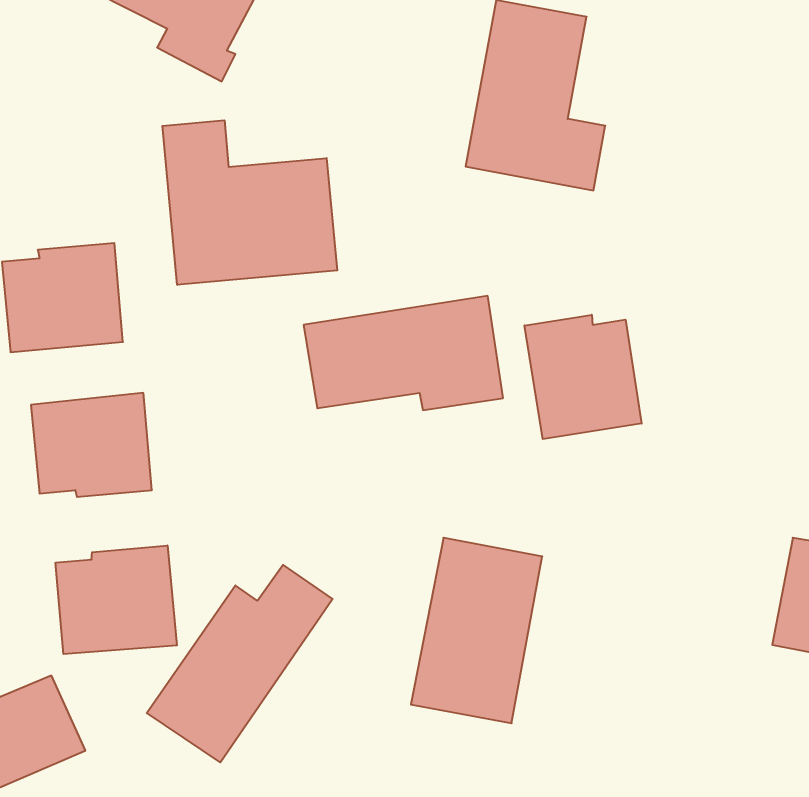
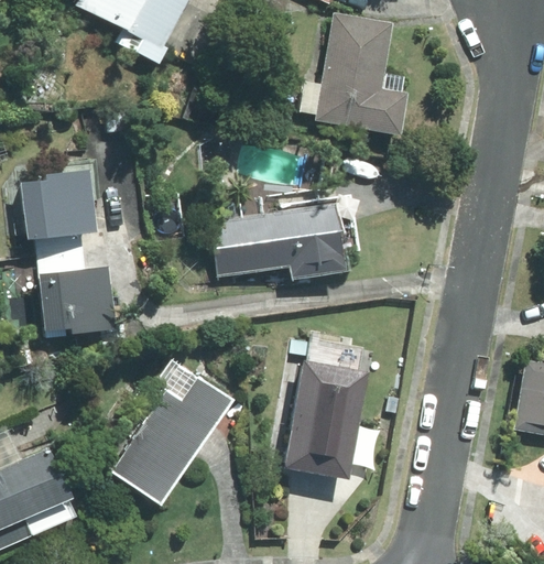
building: [162,120,337,285] -> none
building: [525,315,642,439] -> none
building: [56,545,177,654] -> none

